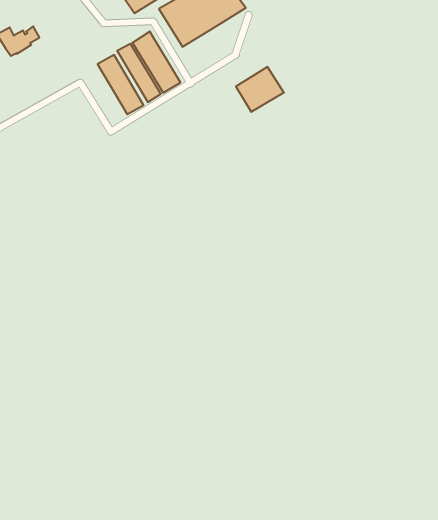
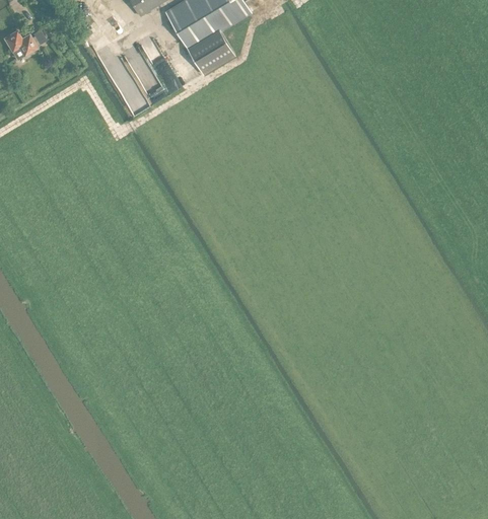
building: [236,67,284,112] -> [187,29,234,74]

